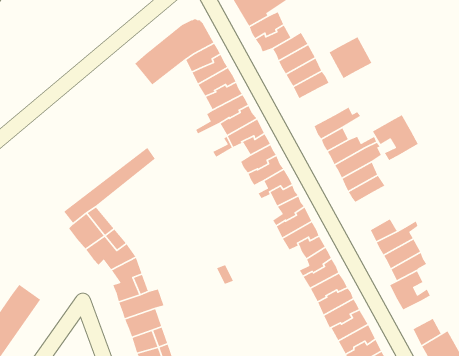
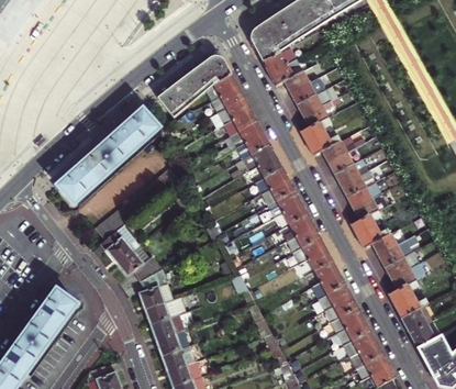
building: [329,36,373,79] -> [299,116,338,155]
building: none -> [59,107,160,201]
building: [372,114,419,161] -> none
building: none -> [349,210,388,248]
building: none -> [400,304,432,333]

